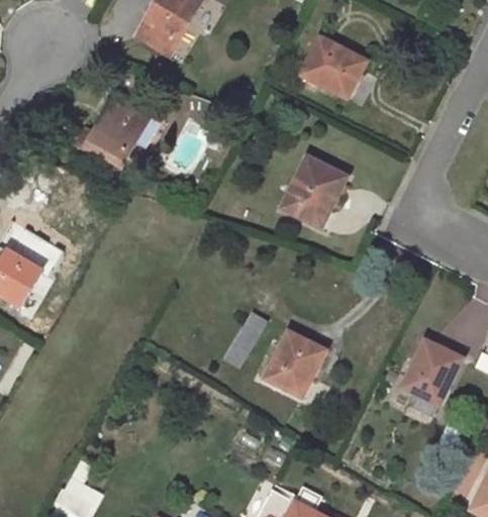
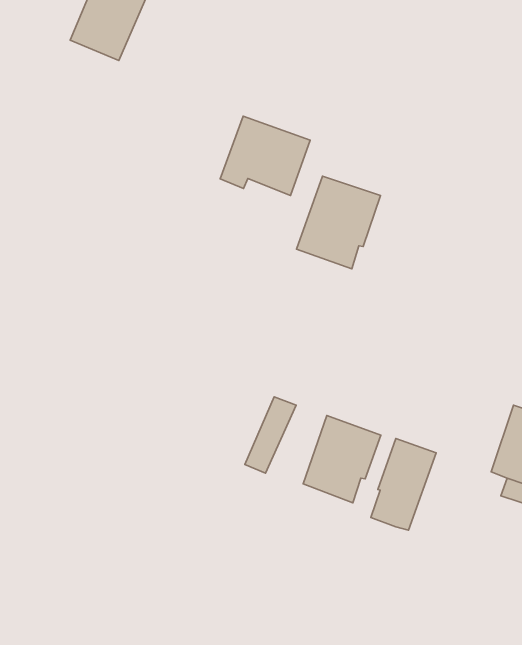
building: [298,36,367,98] -> [220,116,310,195]
building: [77,93,153,169] -> none
building: none -> [371,438,436,530]

